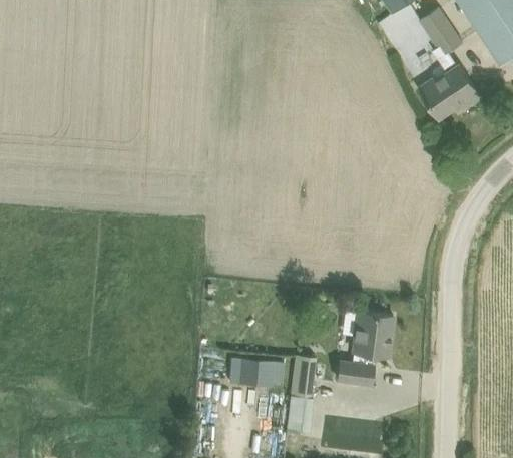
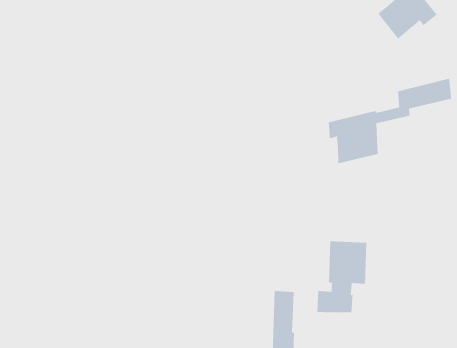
building: none -> [328,78,452,164]
building: [230,357,285,384] -> none

